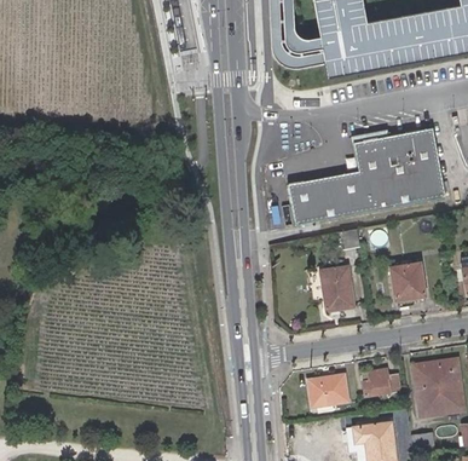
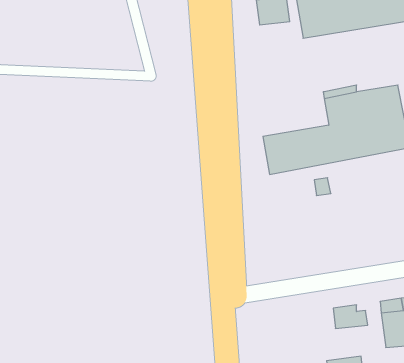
building: [391,264,424,309] -> none
building: [320,267,353,311] -> none
building: [304,379,343,407] -> none

